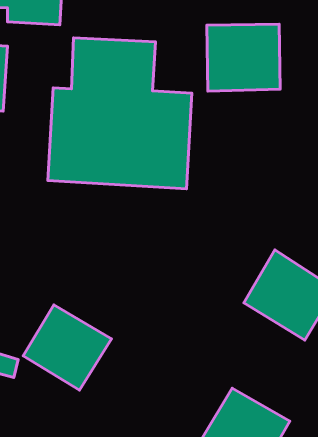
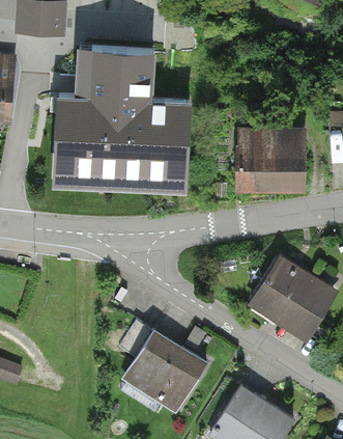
building: [207,24,280,91] -> [229,129,301,194]
building: [23,305,111,390] -> [119,332,205,415]

